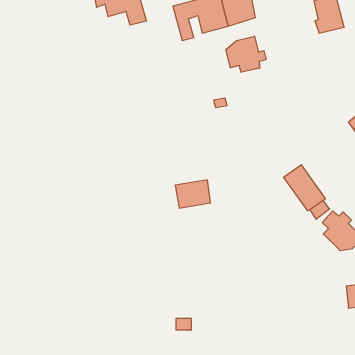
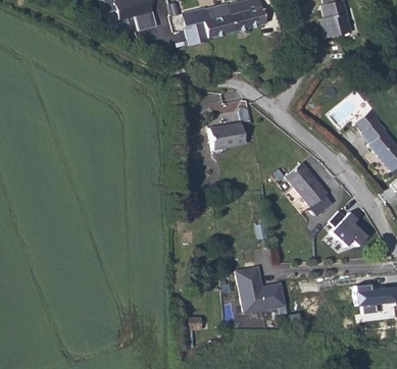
building: [226,36,266,72] -> none
building: [175,180,211,208] -> [209,122,244,150]
building: none -> [234,271,283,317]

